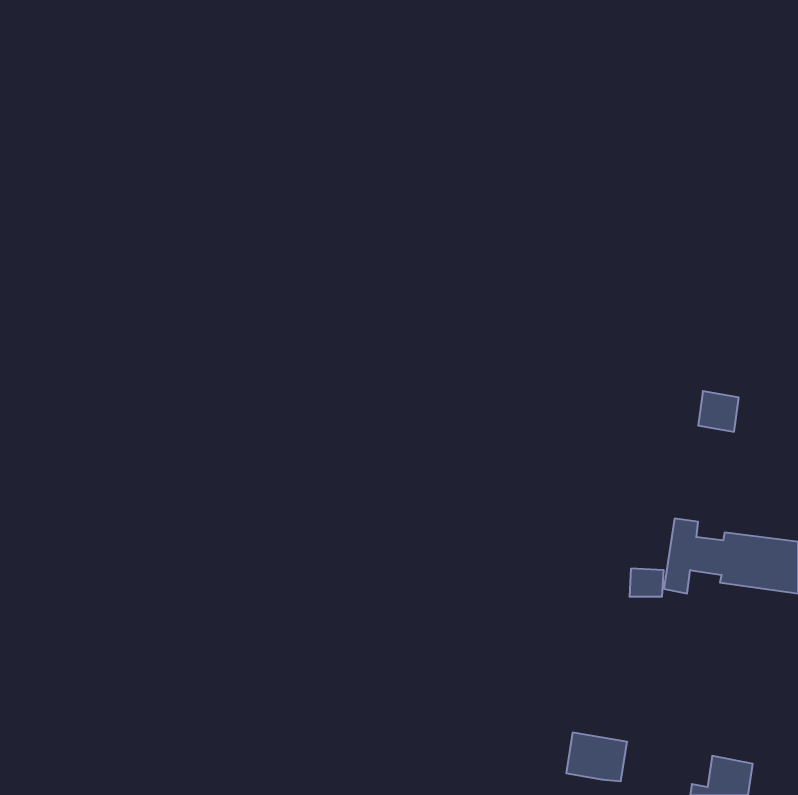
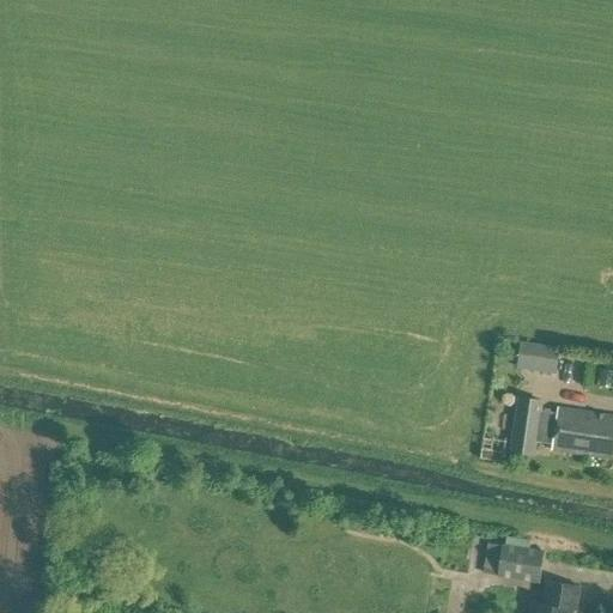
building: [698,391,739,432] -> [529,342,560,374]
building: [566,733,627,781] -> [498,545,545,582]

